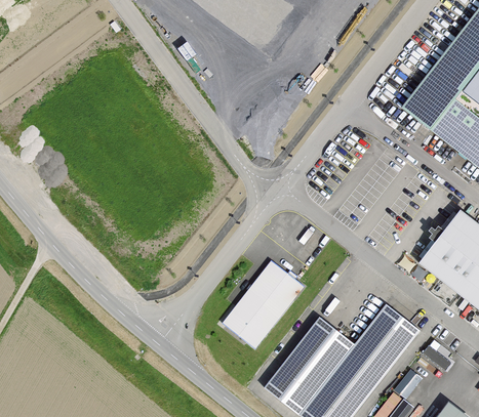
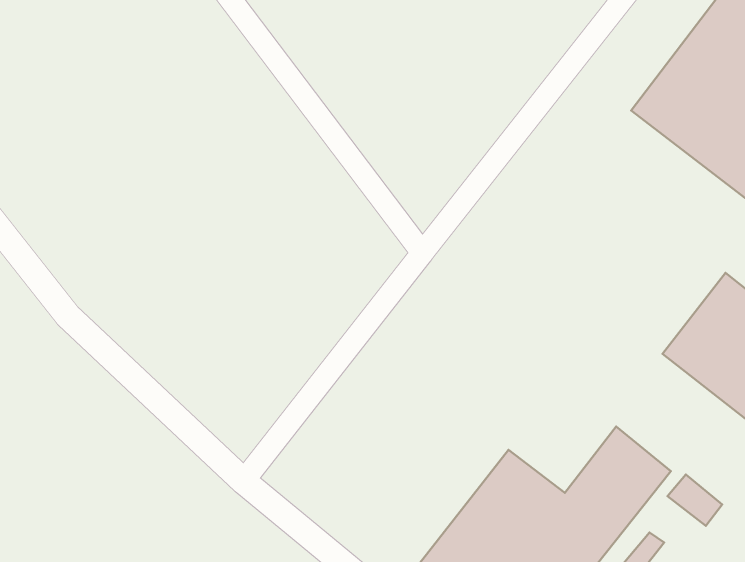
building: [223,259,305,347] -> none

